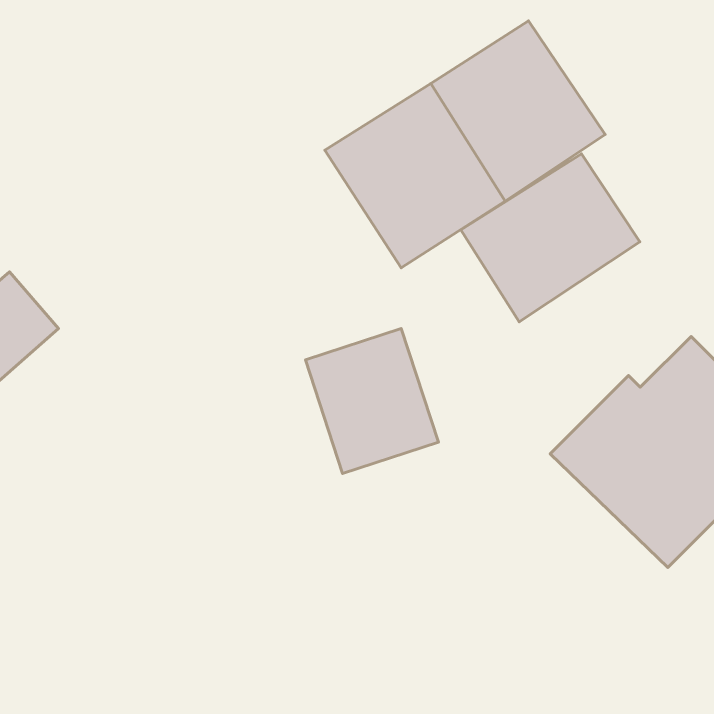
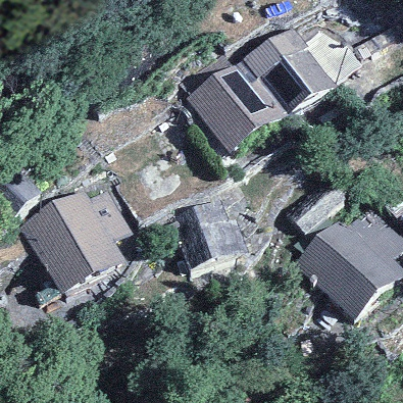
building: [461,154,640,322] -> none
building: none -> [16,179,130,294]

